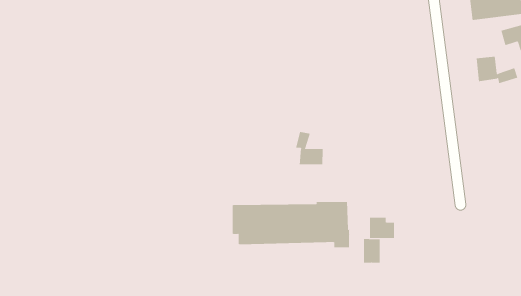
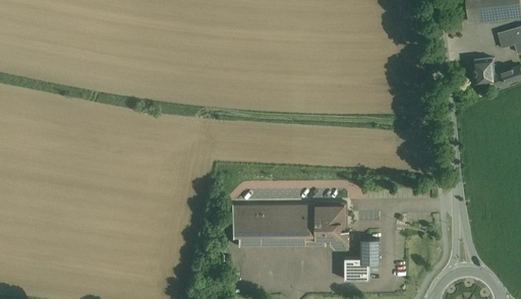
building: [295,131,323,165] -> none
building: [369,217,395,239] -> [345,258,370,280]

